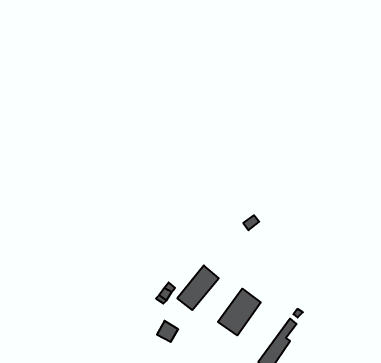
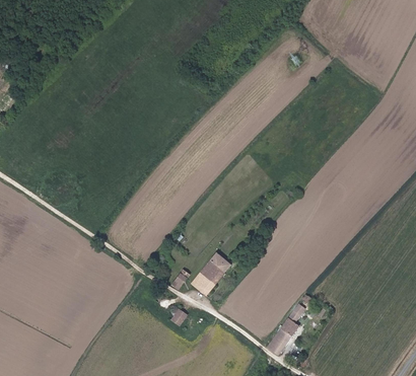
building: [218,289,261,335] -> none

